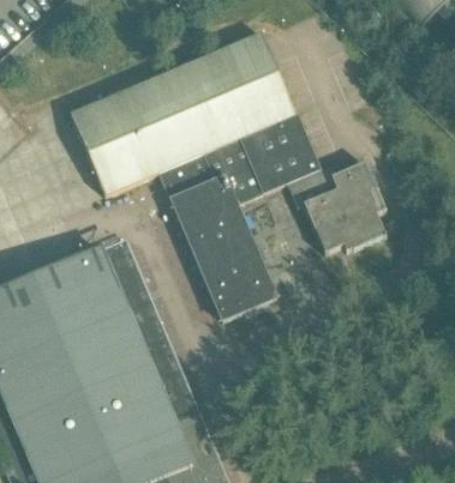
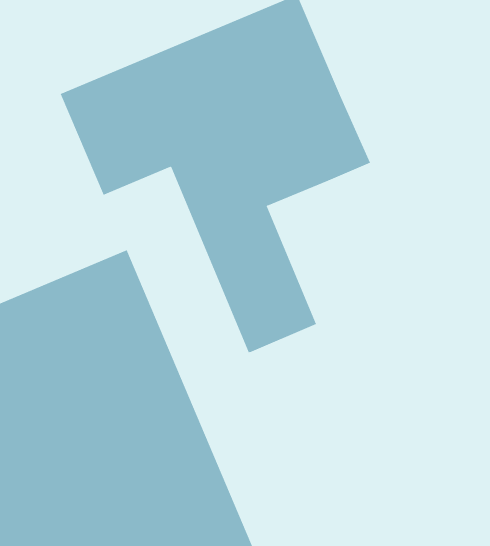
building: [286,159,385,250] -> none

